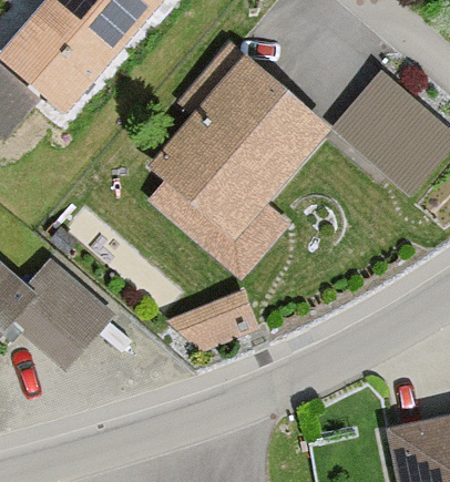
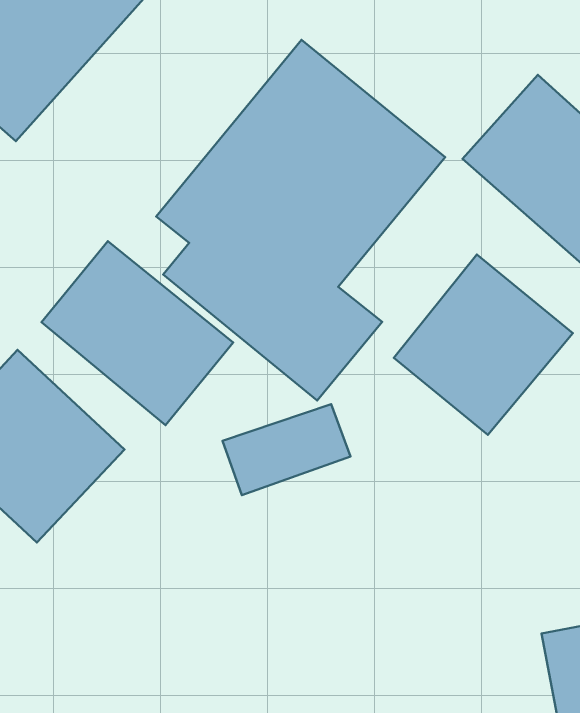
building: none -> [41,241,233,425]
building: none -> [394,255,573,435]

